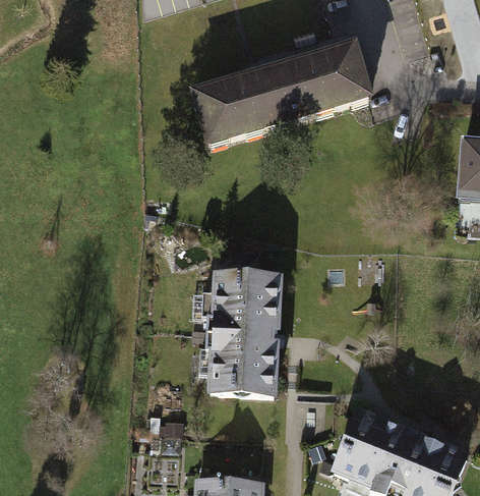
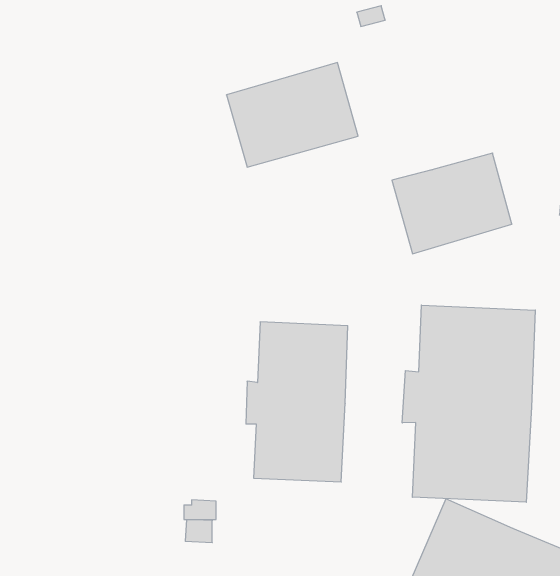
building: [276,43,370,122] -> [392,153,512,254]
building: none -> [402,305,535,502]

